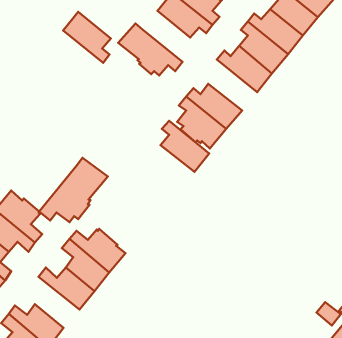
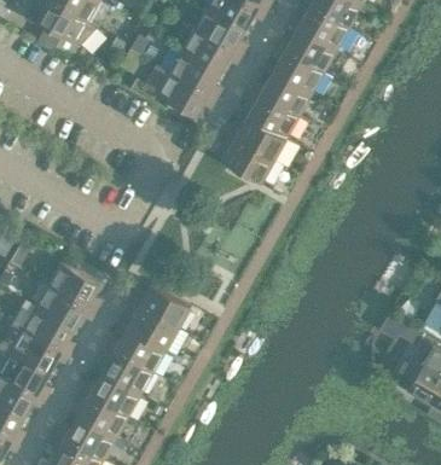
building: [63,12,111,63] -> [169,51,221,99]
building: [160,121,209,172] -> [245,91,298,139]
building: [39,158,108,222] -> none
building: none -> [100,347,153,395]

